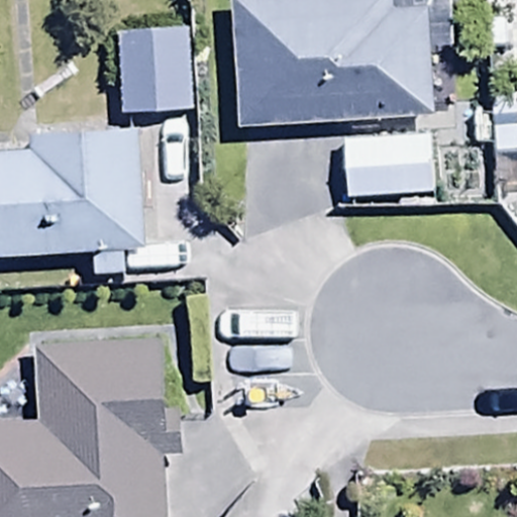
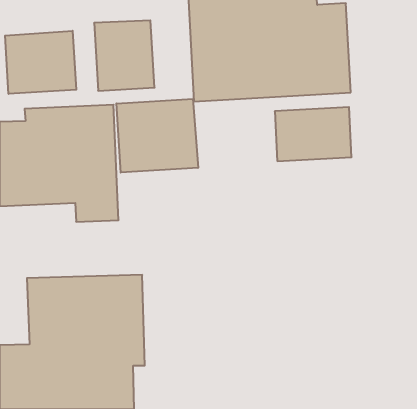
building: none -> [5,31,76,94]
building: none -> [116,99,198,173]

